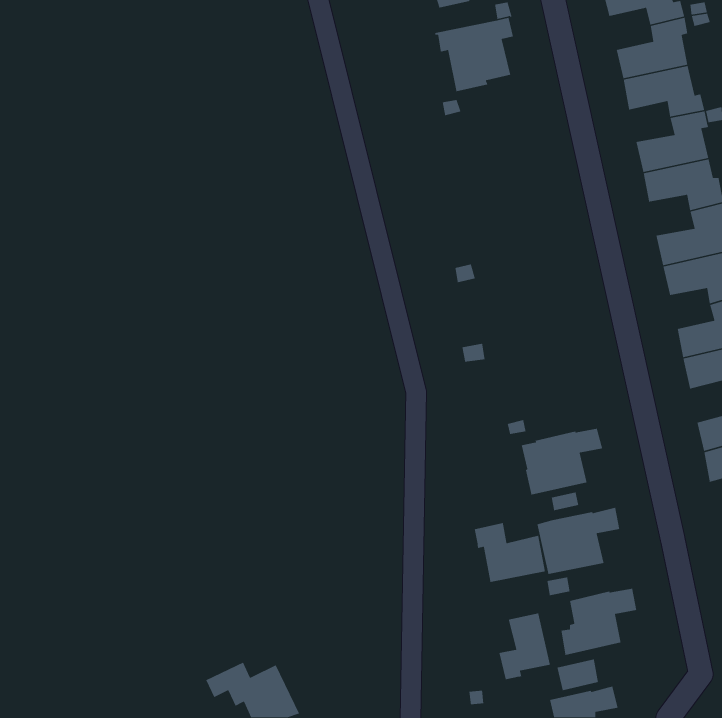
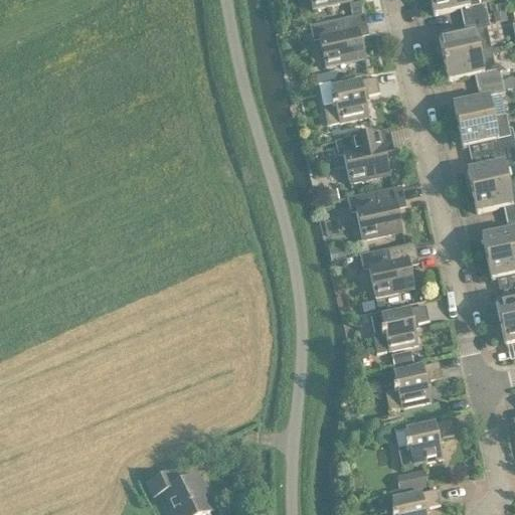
building: none -> [325,75,380,124]
building: none -> [336,128,391,181]
building: none -> [348,184,403,237]
building: none -> [360,241,415,295]
building: [474,522,546,583] -> none
building: [498,613,551,680] -> none

